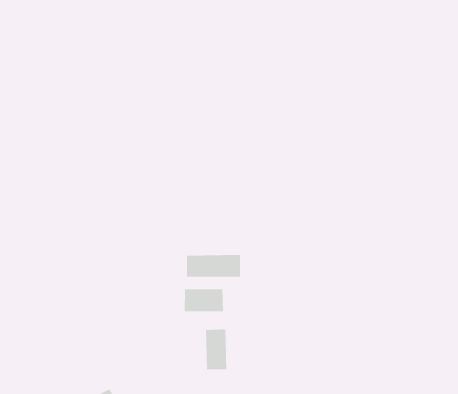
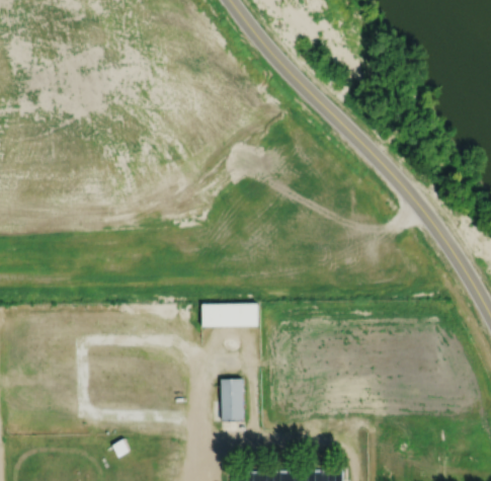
building: [184,289,223,312] -> none

